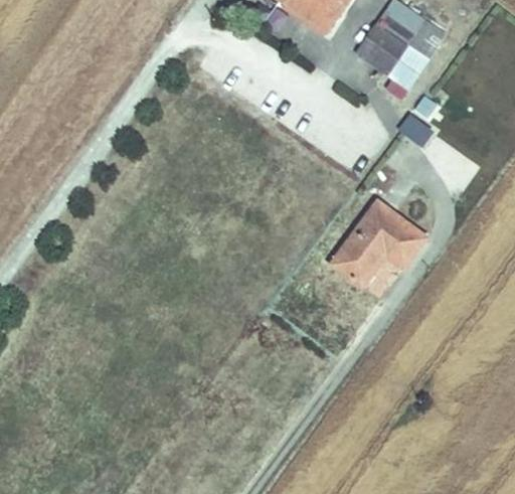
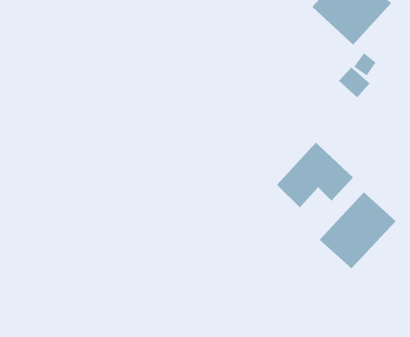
building: none -> [319,192,396,269]

